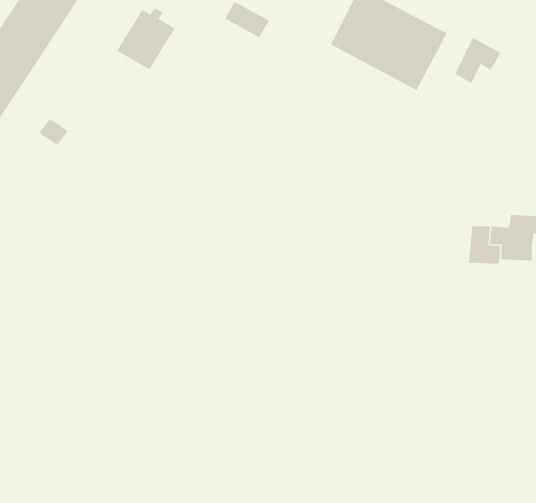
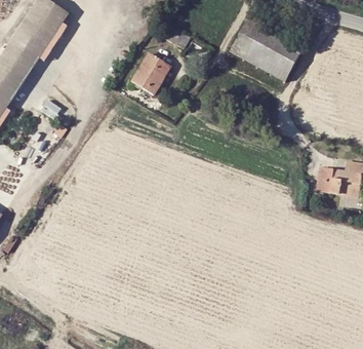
building: [116,8,175,70] -> [128,50,166,90]
building: [455,37,500,84] -> none

